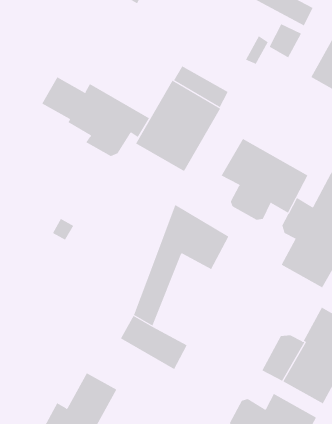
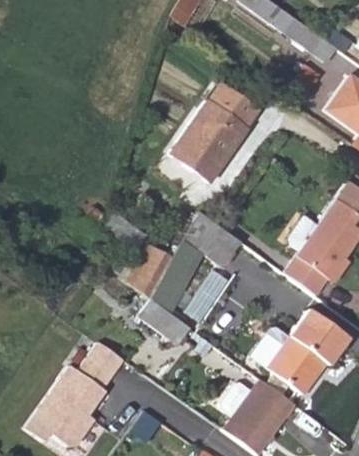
building: [41,76,150,157] -> none
building: [221,138,308,220] -> none
building: none -> [132,243,172,297]
building: none -> [188,264,233,318]

